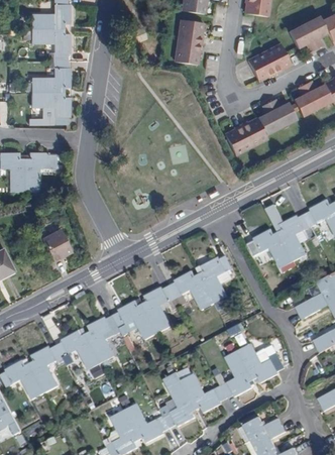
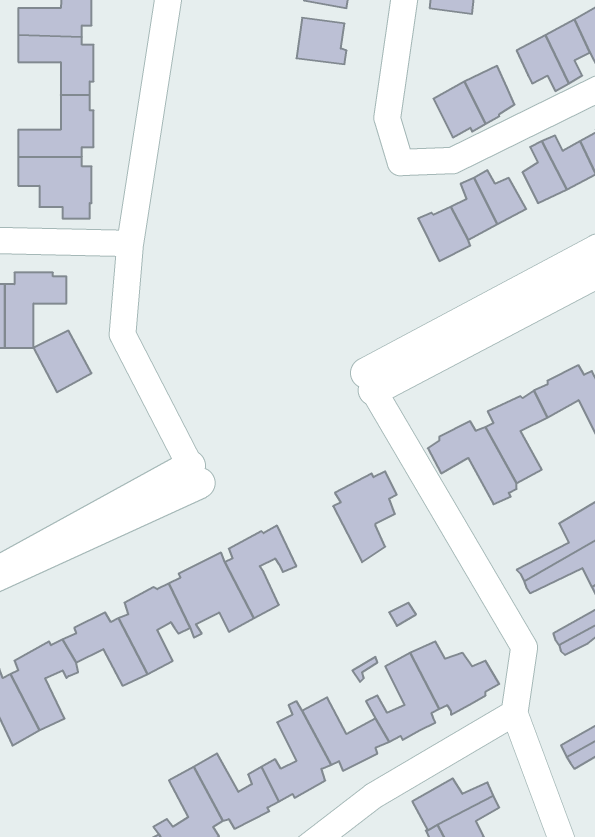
building: [174,40,202,65] -> none
building: [225,124,251,154] -> none
building: [44,227,75,259] -> [34,331,92,392]
building: [166,271,211,311] -> none

